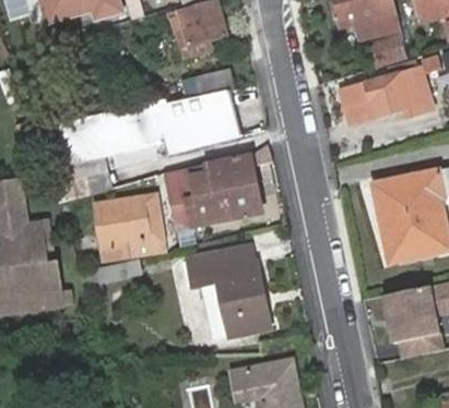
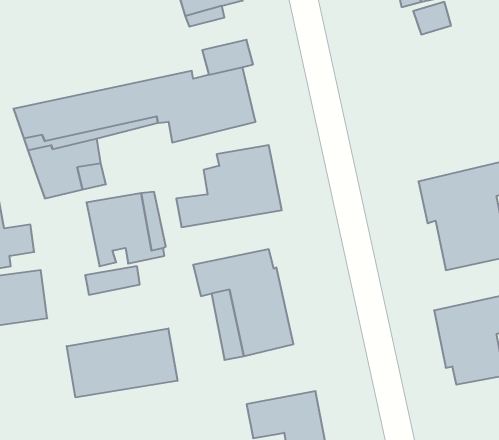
building: [342,67,433,123] -> none
building: [167,164,208,201] -> none
building: none -> [67,328,177,397]

